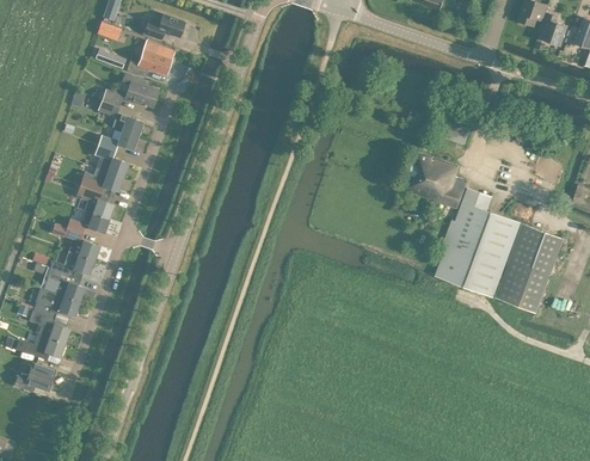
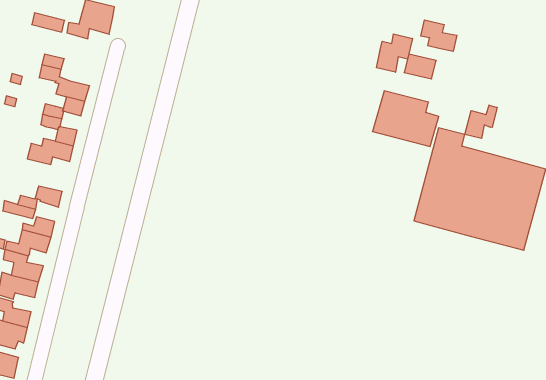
building: [121,72,159,107] -> none
building: none -> [421,20,457,51]
building: none -> [377,34,412,72]
building: none -> [465,105,497,138]
building: [74,185,113,219] -> none

